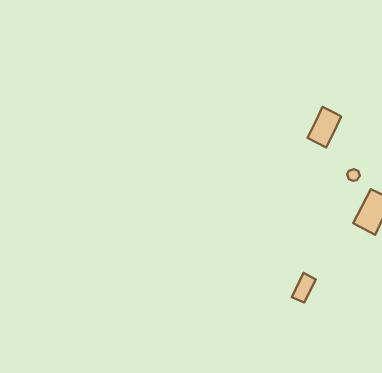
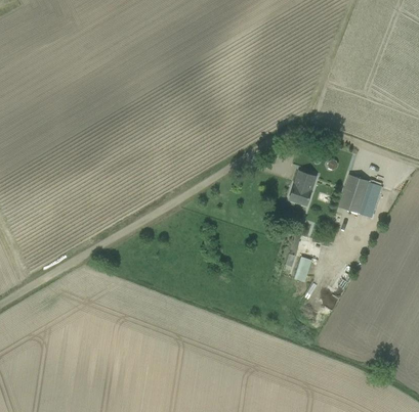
building: [308,107,341,148] -> [289,170,316,204]

